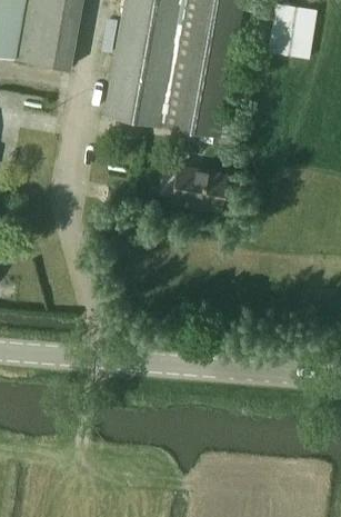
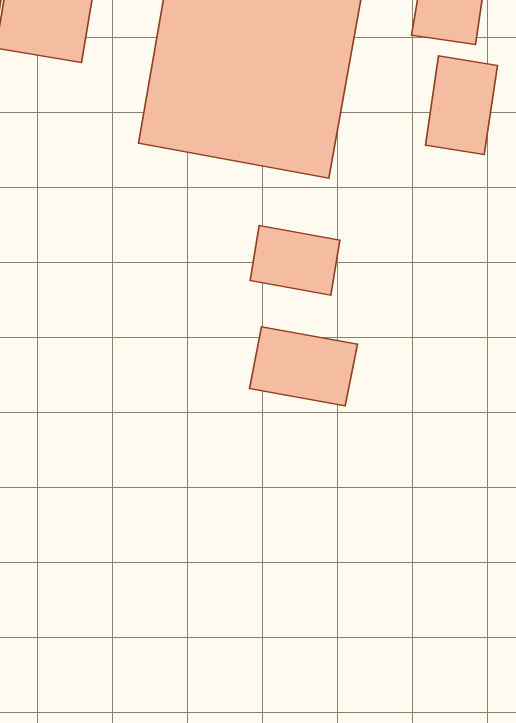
building: none -> [426,56,497,155]
building: none -> [249,327,357,406]

